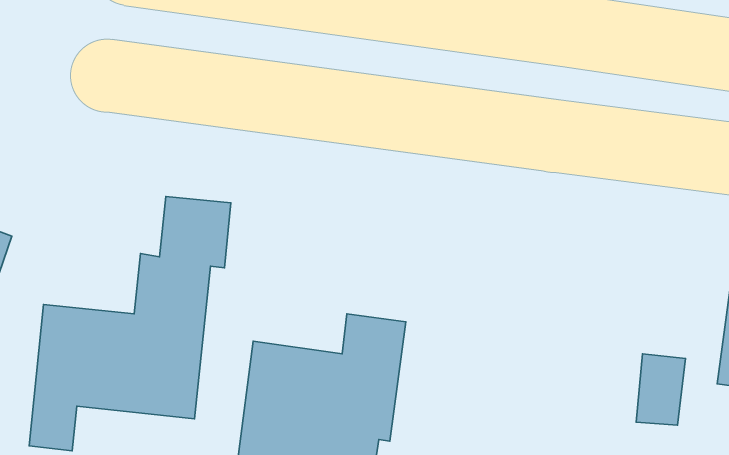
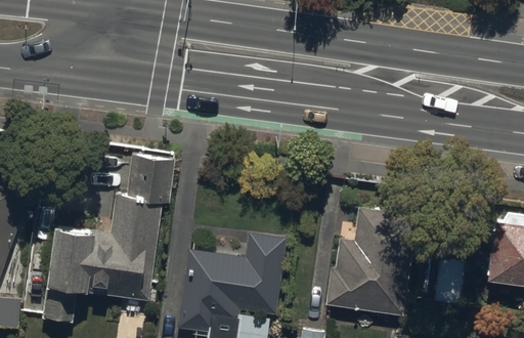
building: none -> [326,207,418,315]

